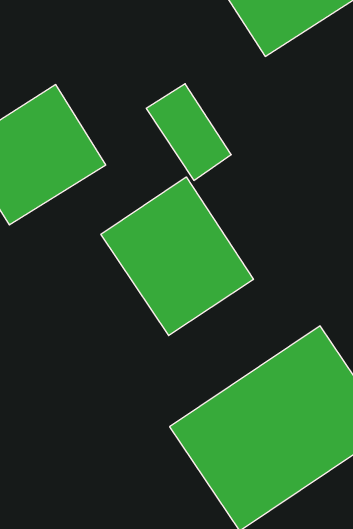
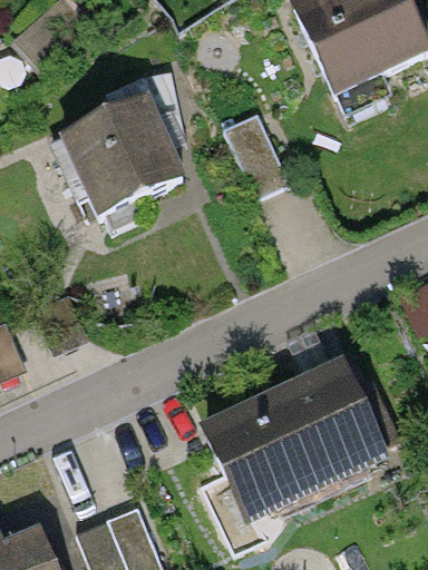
building: [101,177,253,336] -> none

